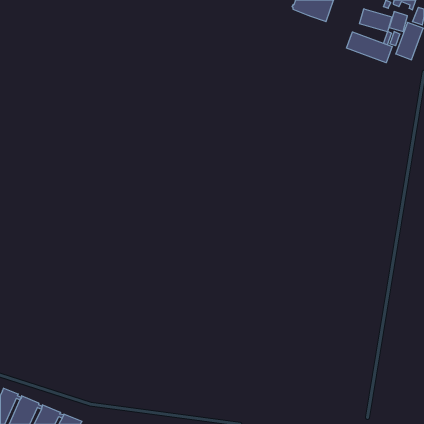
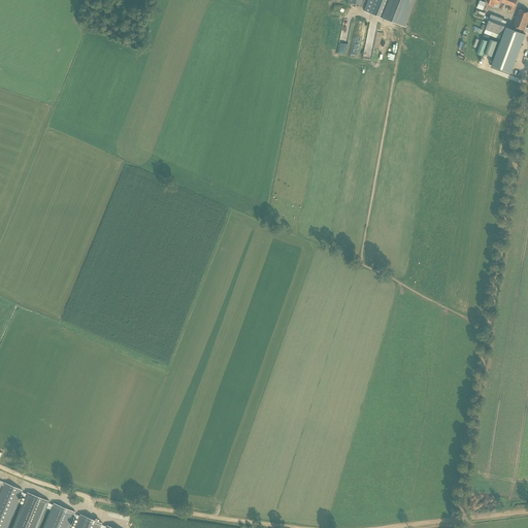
building: [359,9,392,32] -> none
building: [346,32,392,63] -> none

